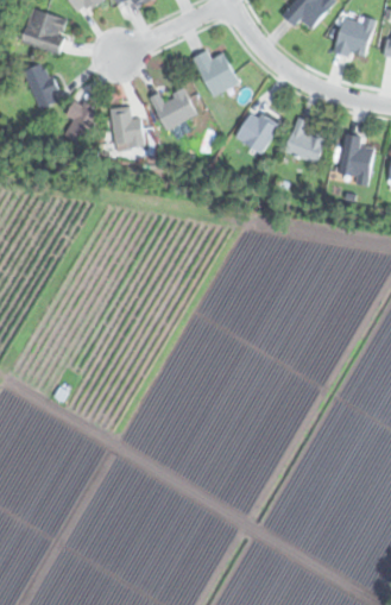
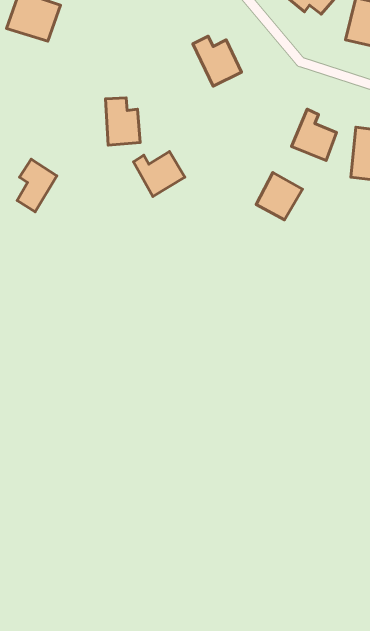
building: [23,61,61,109] -> none
building: [149,88,196,130] -> [133,151,185,196]
building: [63,97,100,146] -> [17,159,57,212]
building: [235,108,278,152] -> [256,172,302,220]

